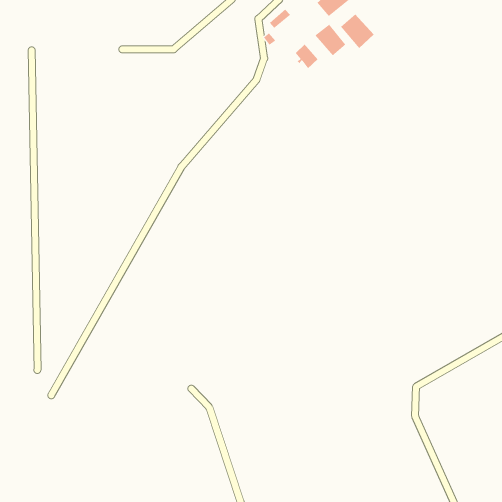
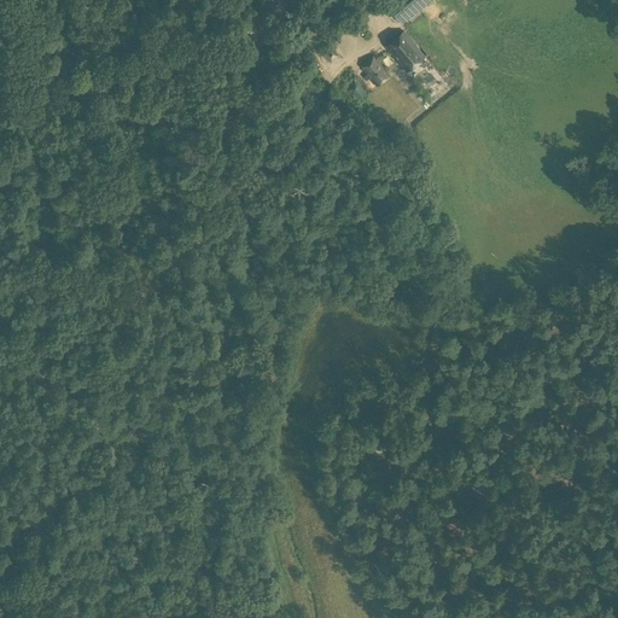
building: [340,13,375,49] -> none

